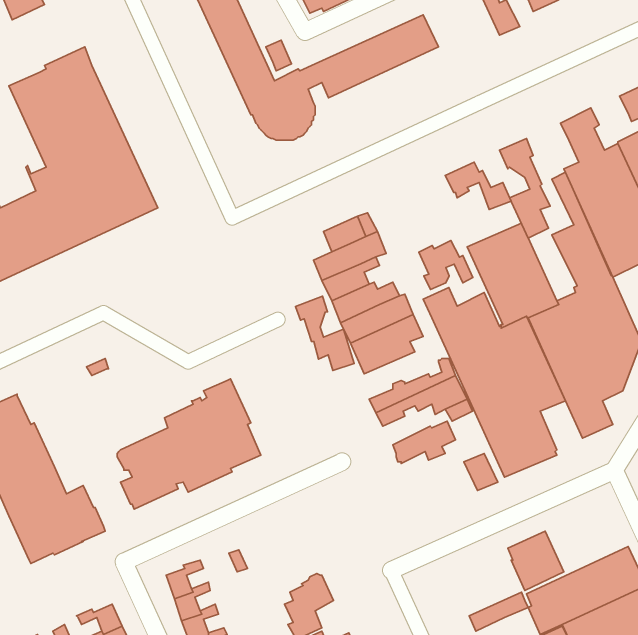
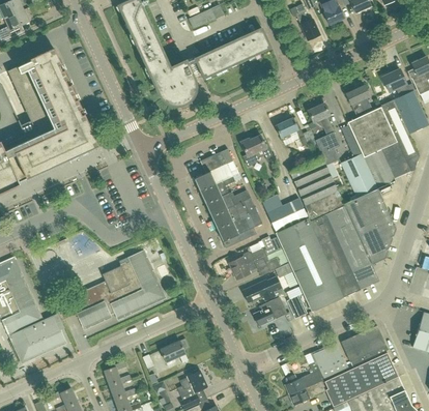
building: [419,240,473,289] -> [239,135,273,165]
building: [295,296,354,371] -> none
building: none -> [333,264,359,294]
building: none -> [253,298,286,326]
building: none -> [341,326,388,366]
building: none -> [160,339,189,365]
building: none -> [284,361,323,395]

